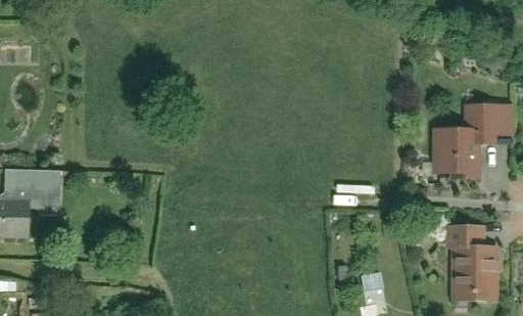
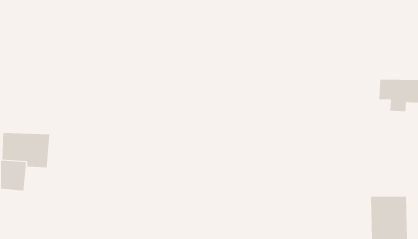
building: [432,127,478,175] -> none
building: [446,225,482,245] -> none

